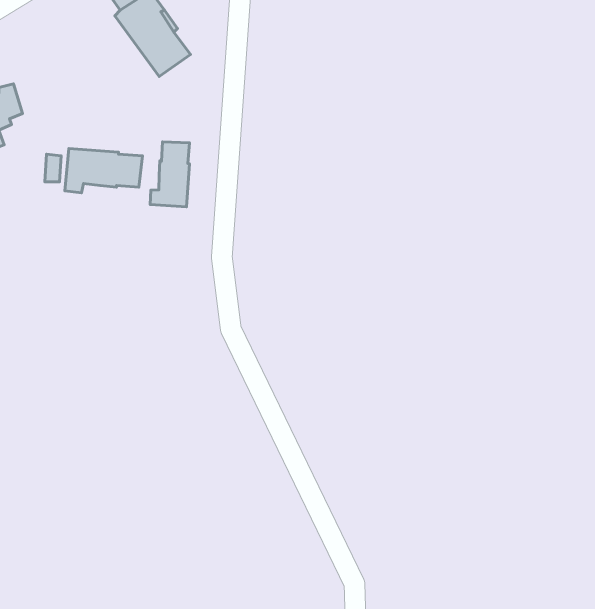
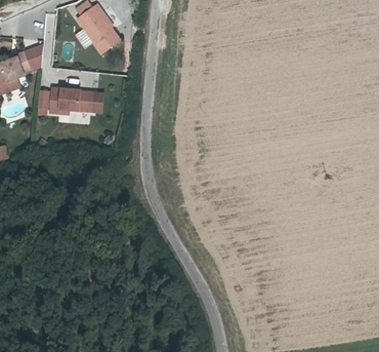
building: [150,142,190,207] -> none

